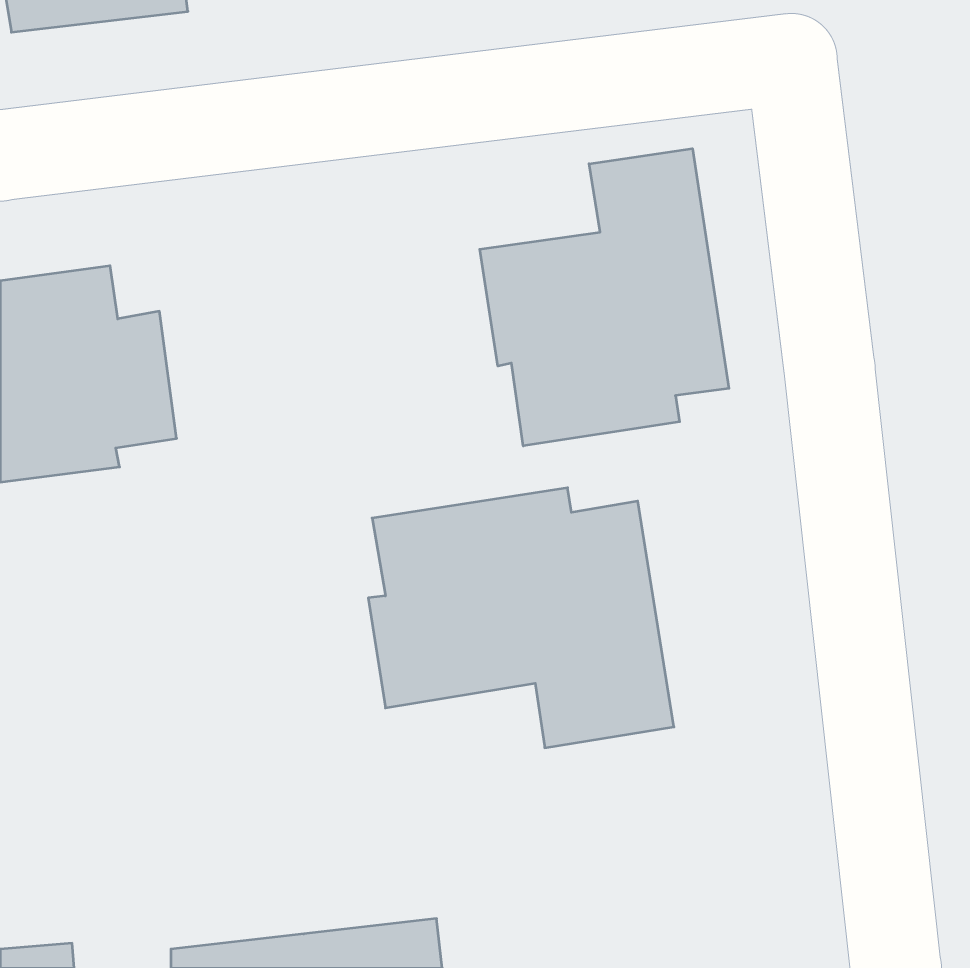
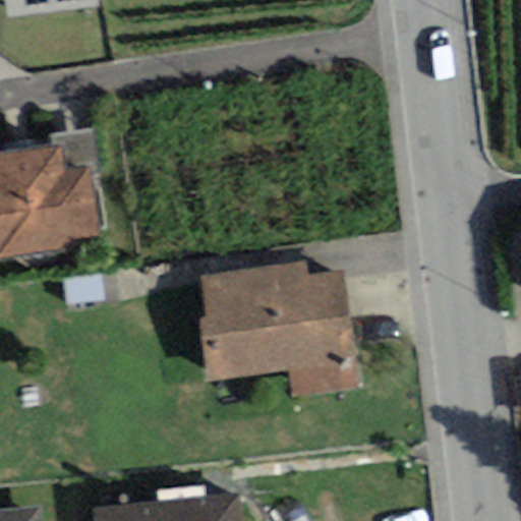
building: [480,149,729,446] -> none

